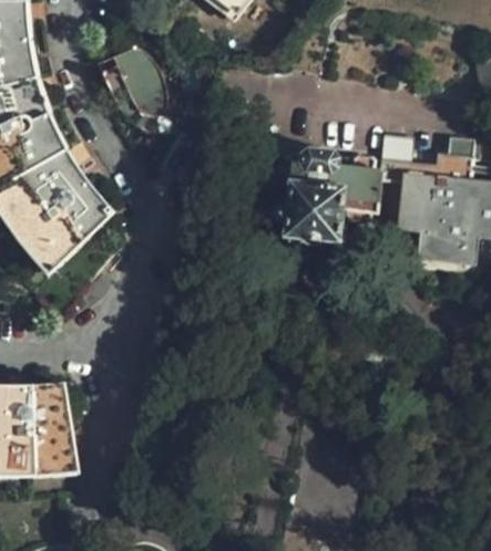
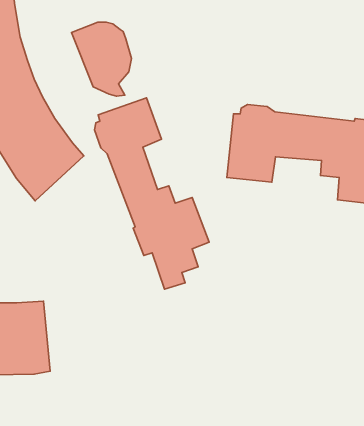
building: none -> [94,98,209,289]

